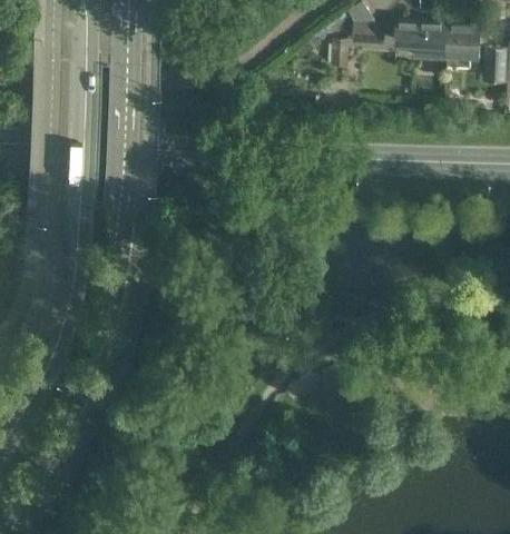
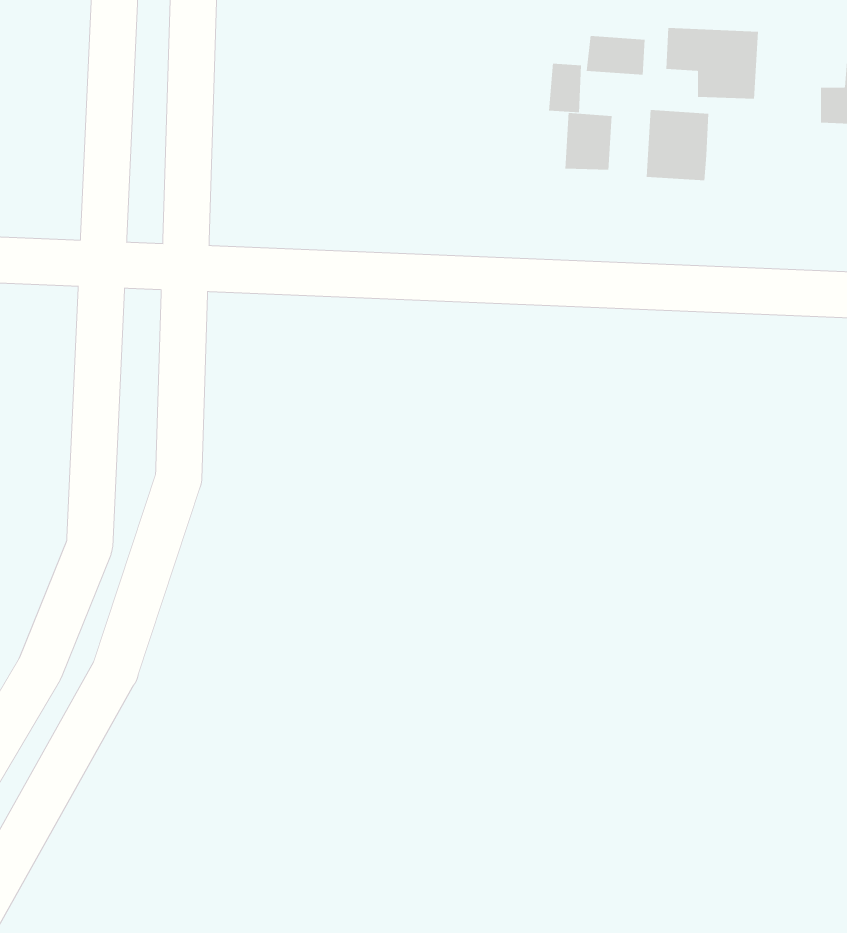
building: [444,23,480,63] -> [646,110,709,181]
building: none -> [565,112,612,170]

